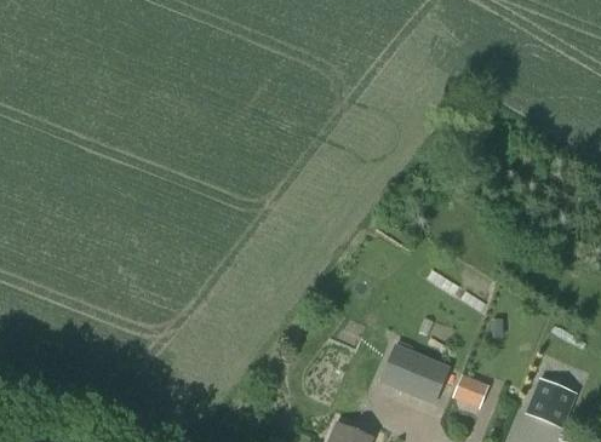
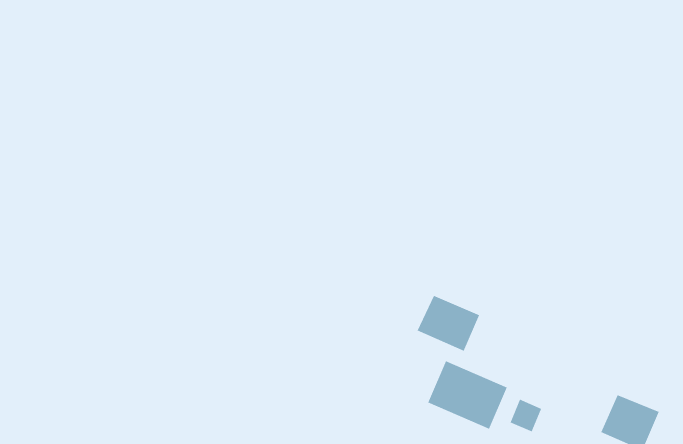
building: none -> [416,295,480,352]

